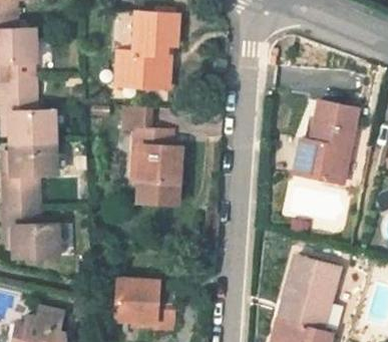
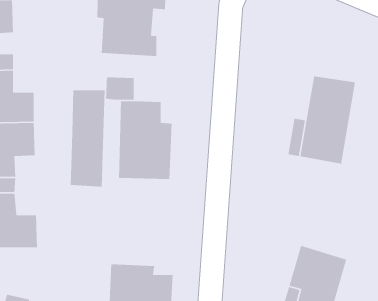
building: none -> [70,89,105,187]

